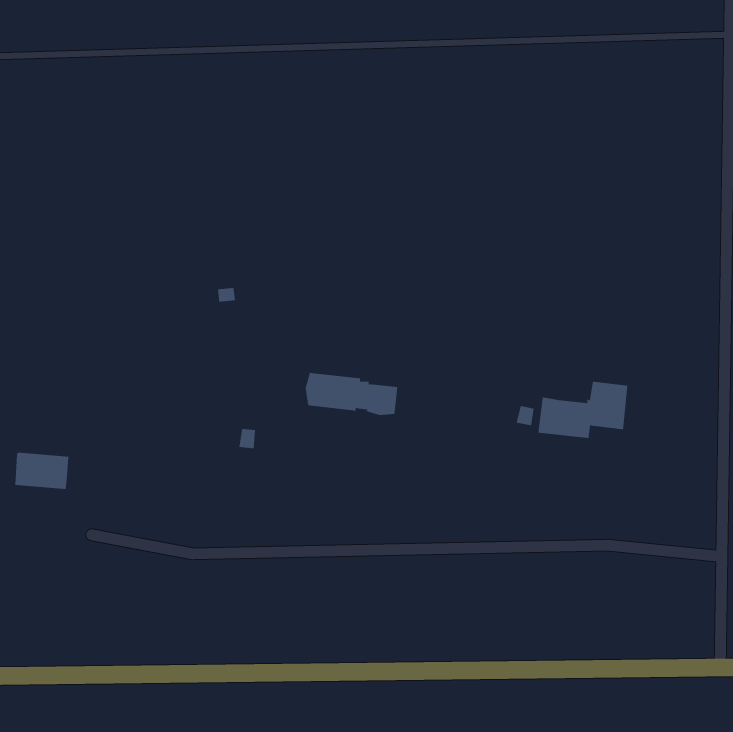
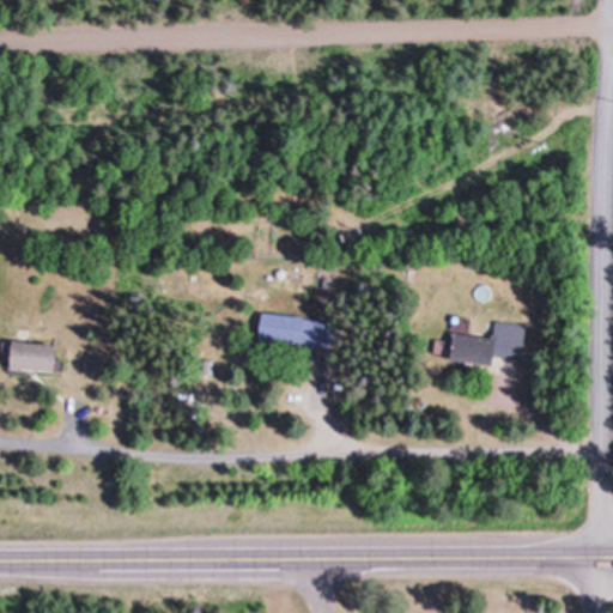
building: [15,452,69,489] -> [10,341,55,372]

